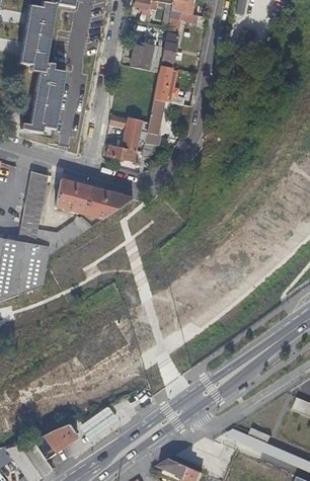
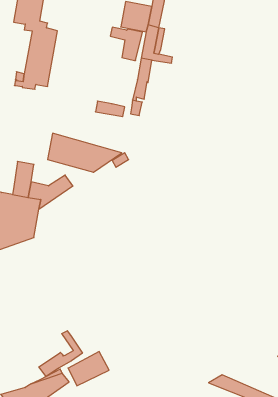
building: [109,115,143,150] -> [110,27,142,60]
building: [23,169,48,210] -> none
building: none -> [39,331,82,377]

